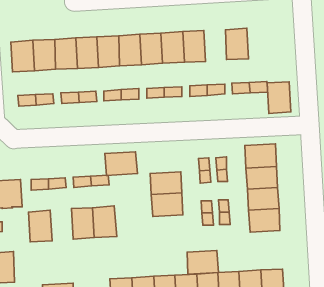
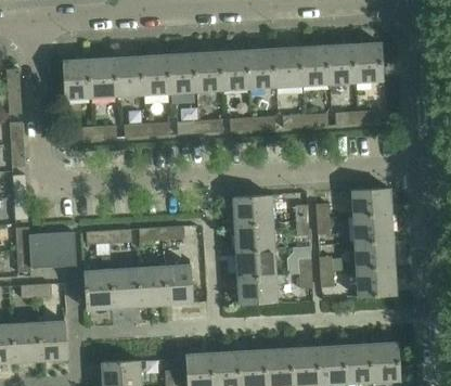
building: none -> [300,47,328,86]
building: [267,82,291,113] -> [353,43,383,82]
building: [105,152,137,175] -> [232,195,272,224]
building: none -> [111,268,139,308]
building: [187,251,219,274] -> [237,275,276,305]

